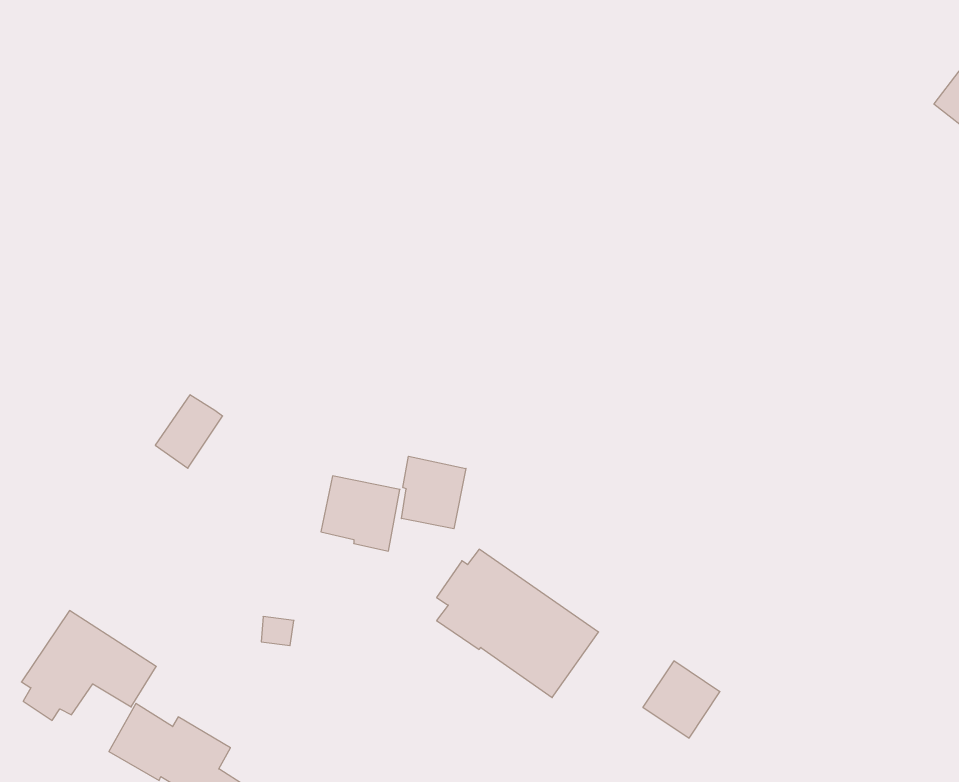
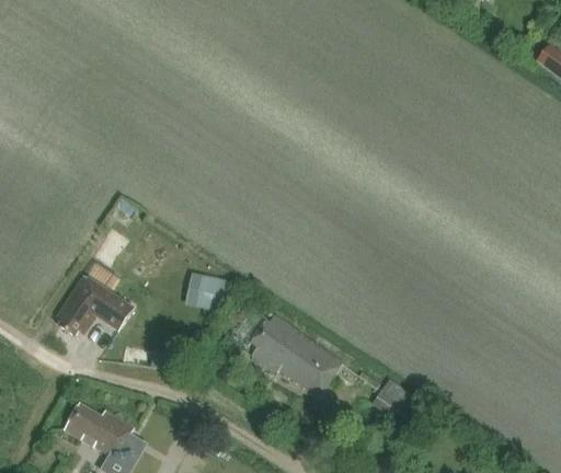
building: [401,456,466,529] -> none
building: [21,611,156,720] -> [56,275,133,337]

